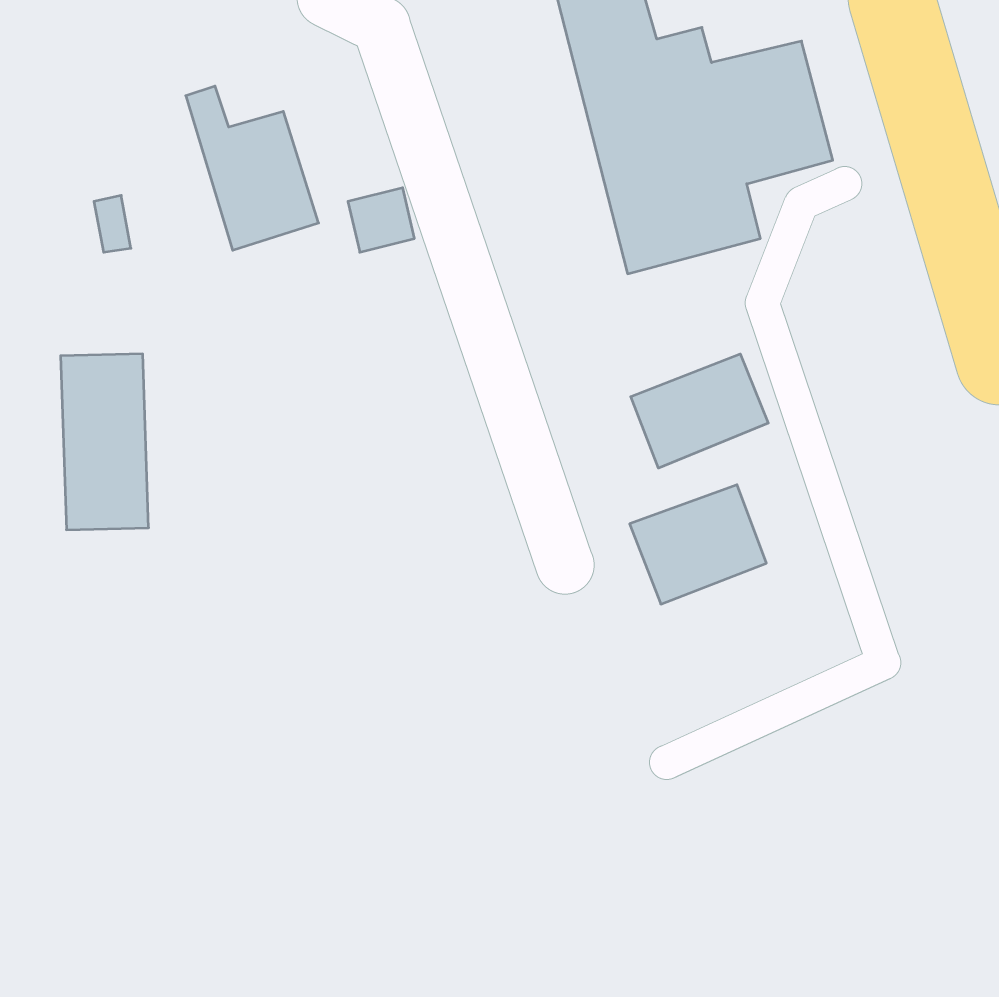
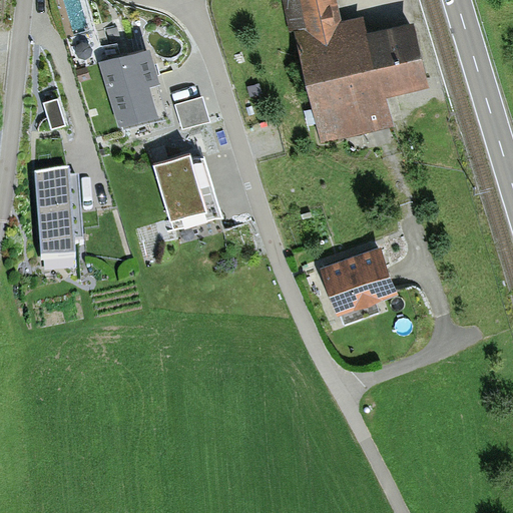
building: none -> [152,153,217,228]
building: [631,354,768,468] -> none

